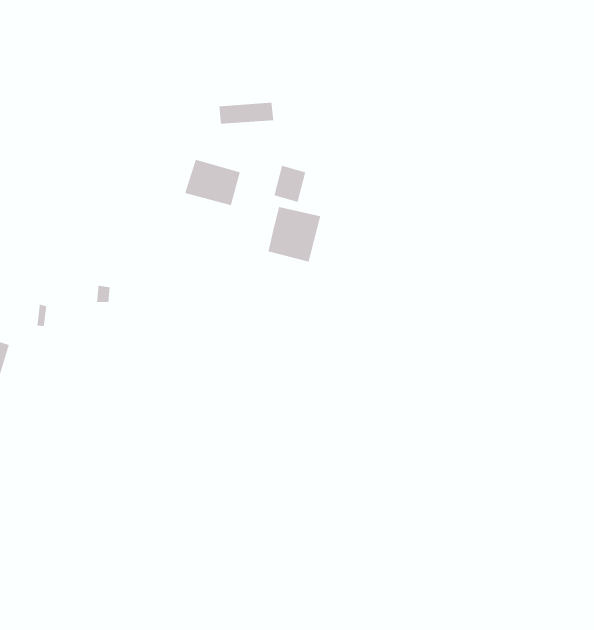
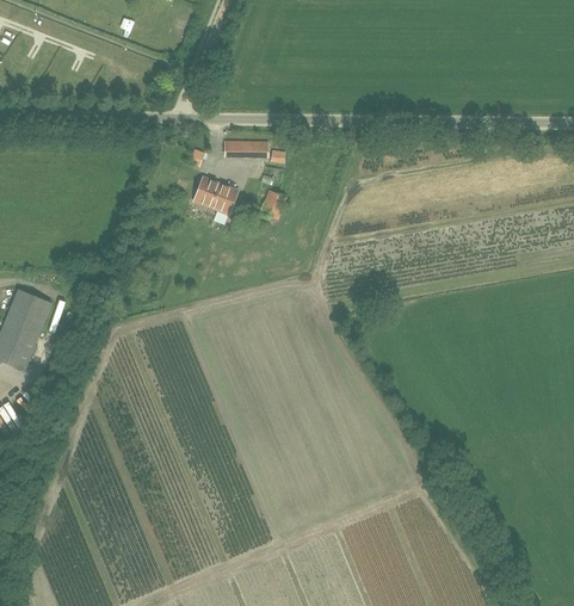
building: [267,206,321,263] -> none

